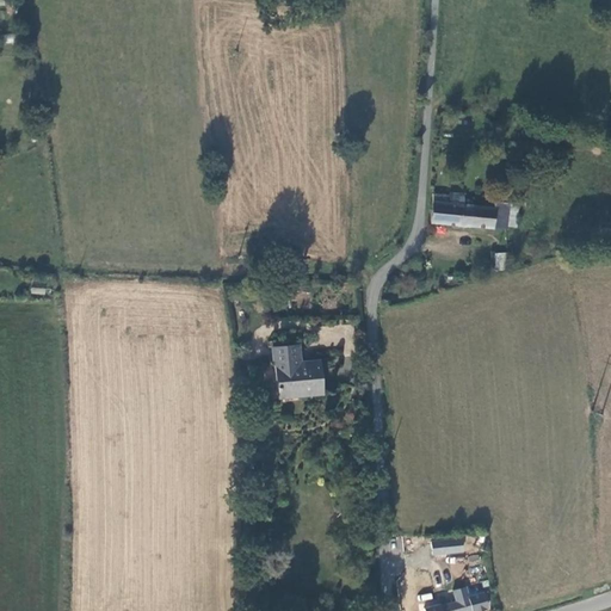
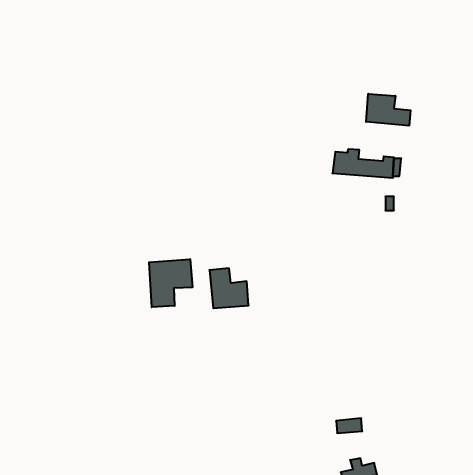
building: none -> [366,94,411,126]
building: none -> [149,259,192,307]

